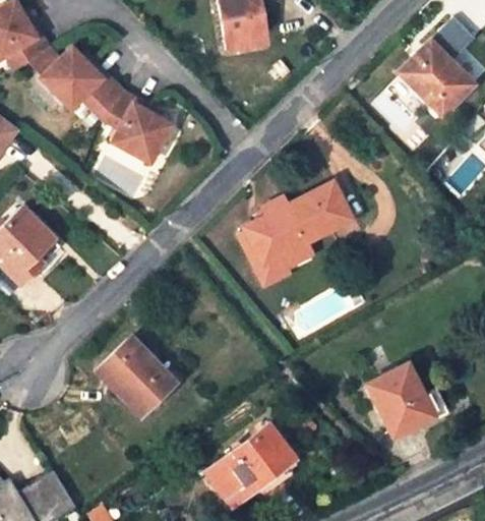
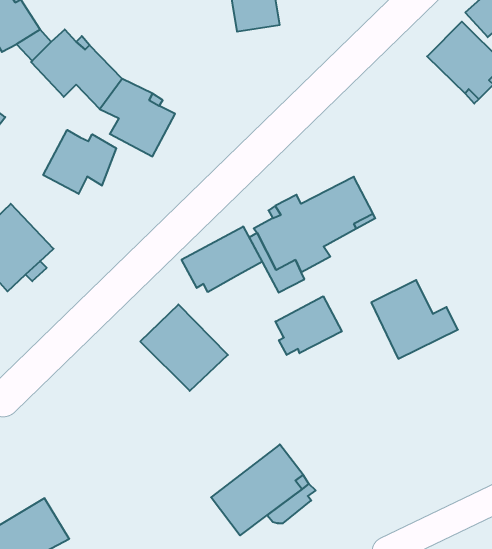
building: none -> [43,130,116,194]
building: none -> [182,226,262,292]
building: none -> [275,296,342,355]
building: [95,338,174,416] -> [140,304,228,391]
building: [367,366,445,438] -> [371,280,458,359]

